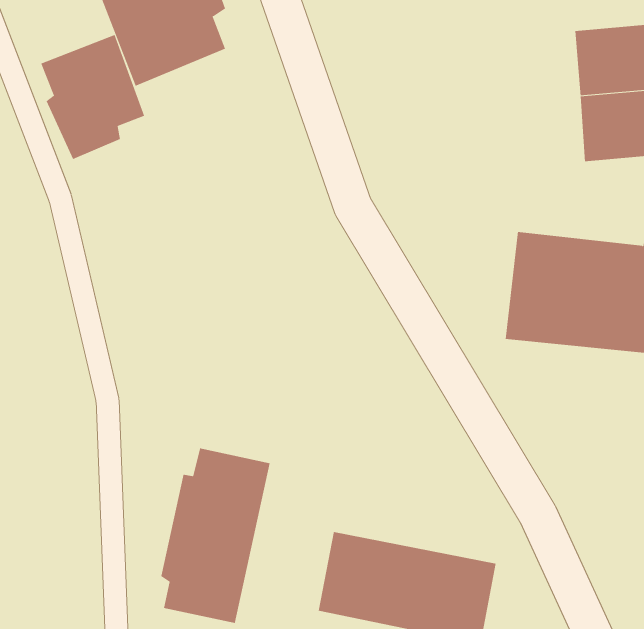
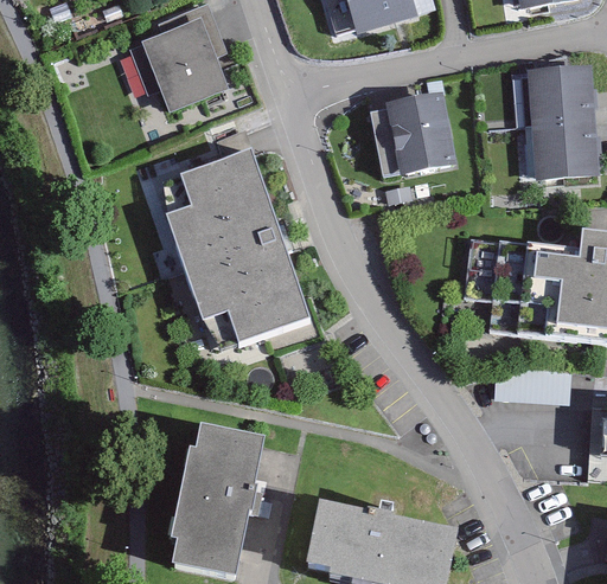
building: [41,34,145,160] -> none
building: none -> [371,92,456,182]
building: none -> [159,146,307,346]

